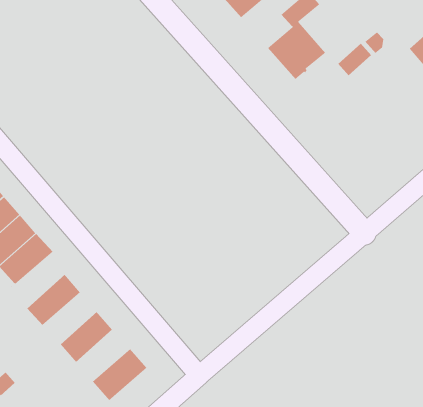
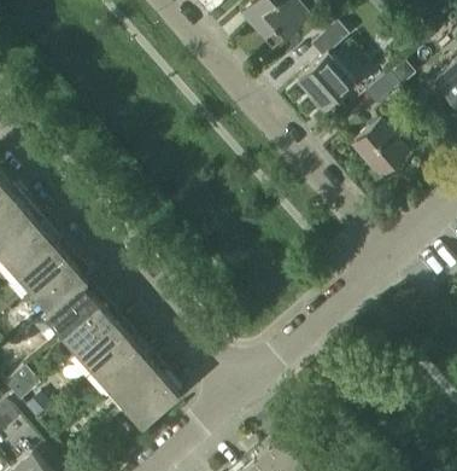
building: none -> [353,121,408,175]
building: none -> [46,280,99,336]
building: none -> [77,320,130,371]
building: none -> [110,356,163,407]

